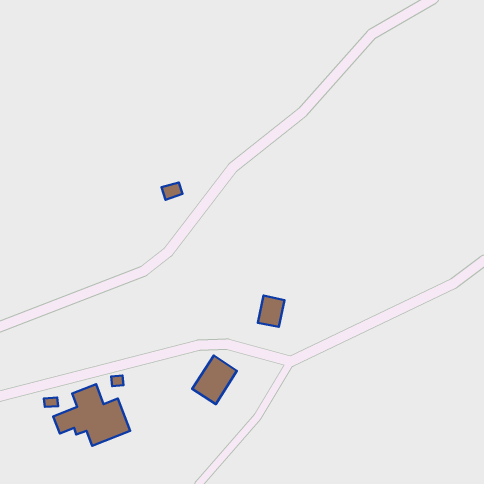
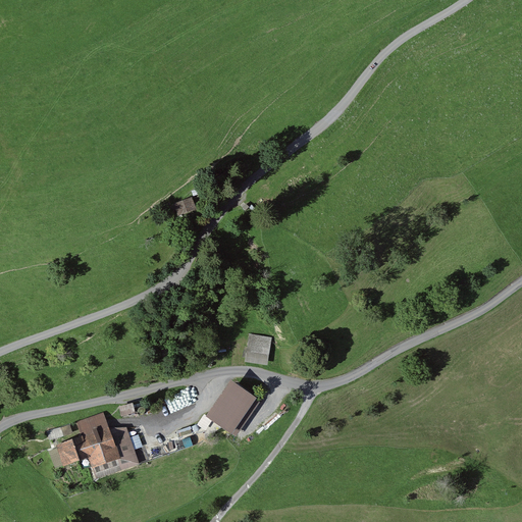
building: [258,295,284,327] -> [244,330,272,364]

